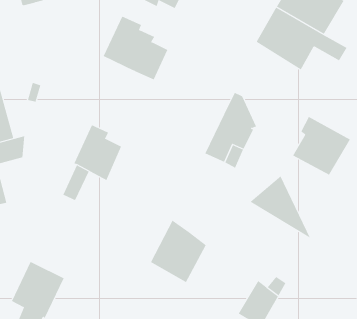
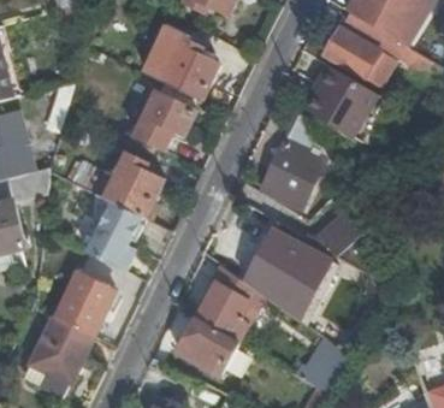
building: none -> [135,88,201,150]
building: [292,116,351,176] -> [306,63,375,134]
building: none -> [87,208,149,265]
building: none -> [243,226,336,325]
building: none -> [58,272,116,336]
building: none -> [176,317,238,374]

